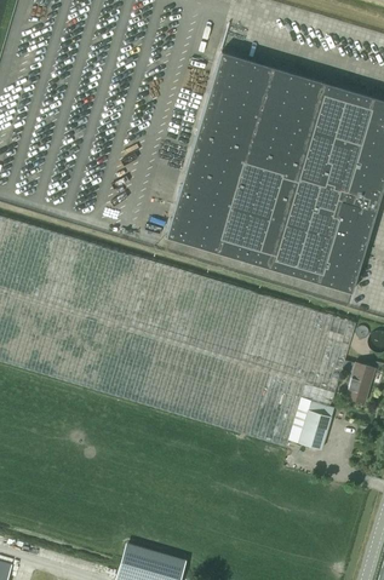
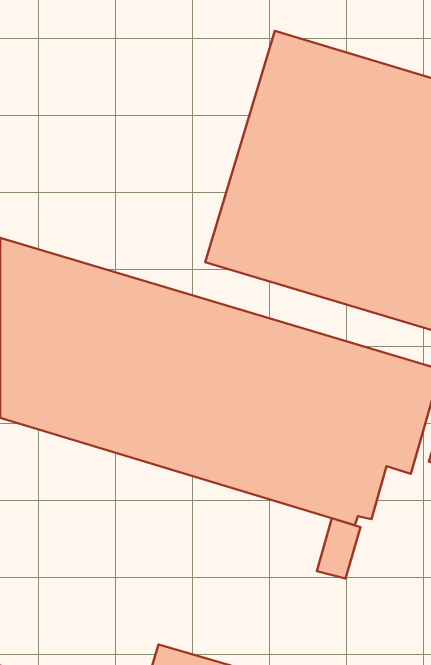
building: [298,400,333,448] -> [317,518,361,579]

